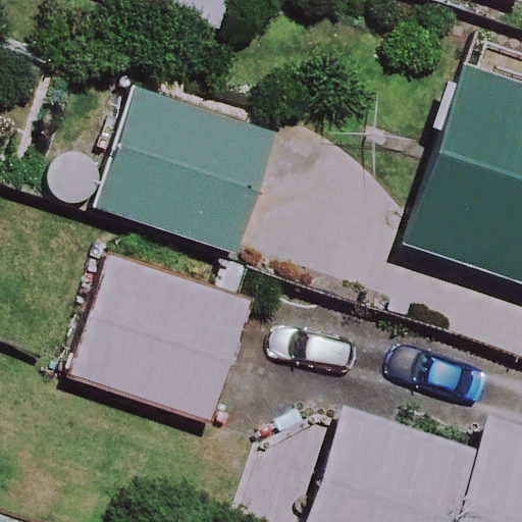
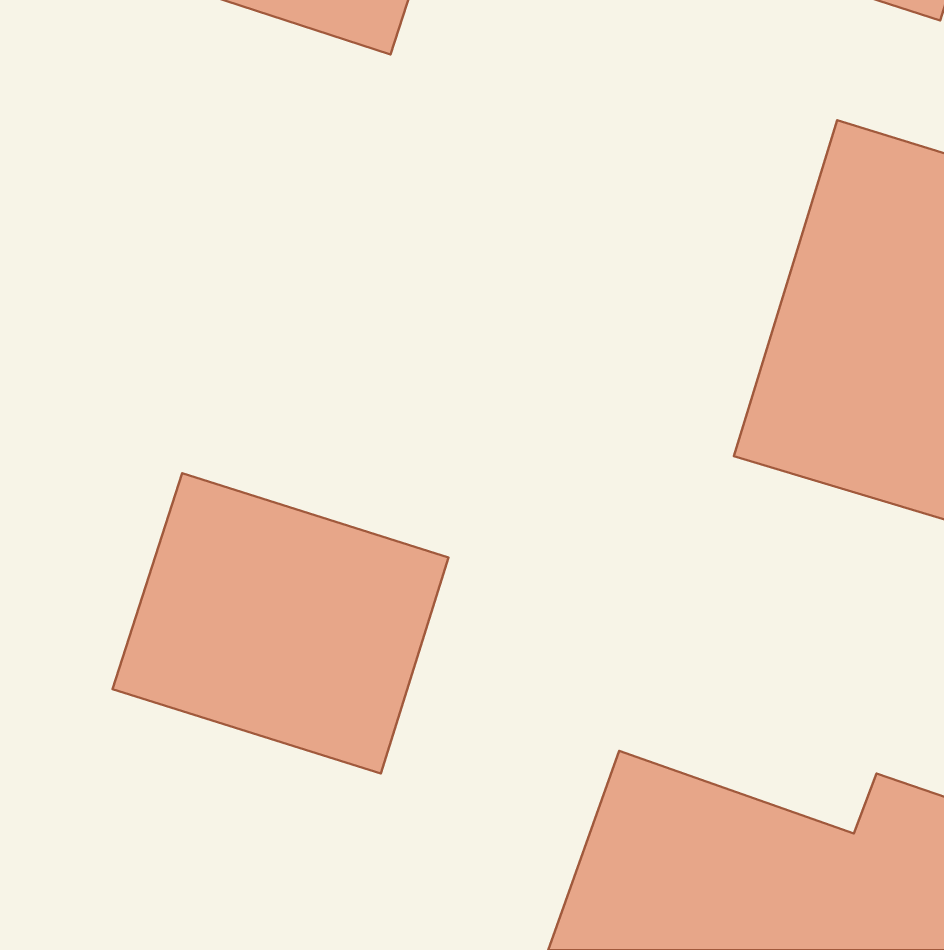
building: [107,89,268,249] -> none

